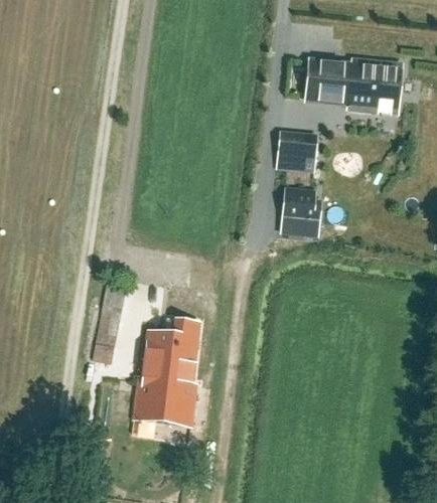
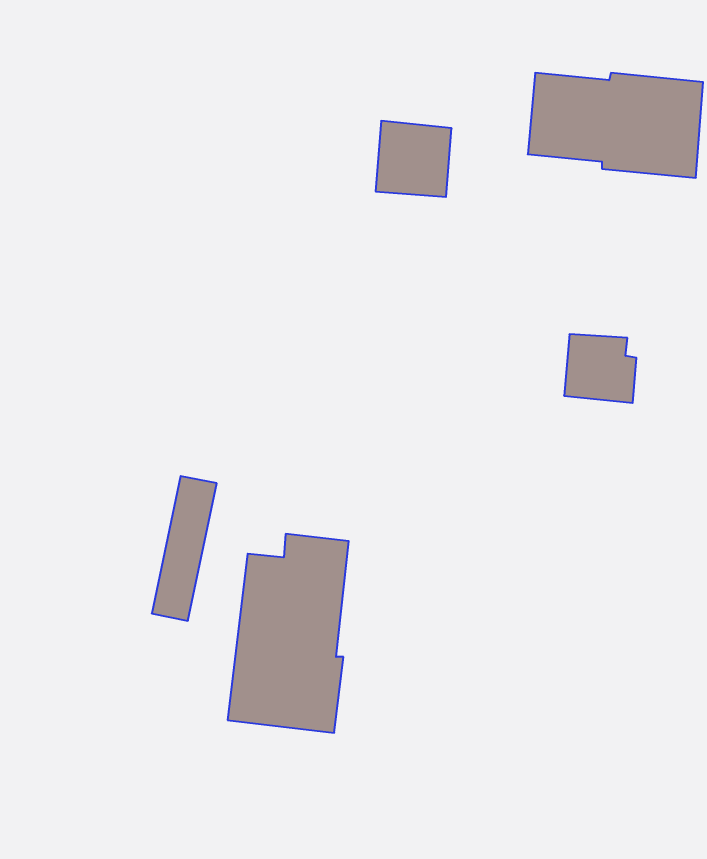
building: [274,131,316,173] -> [376,121,452,197]
building: [279,188,319,226] -> [564,334,636,403]

